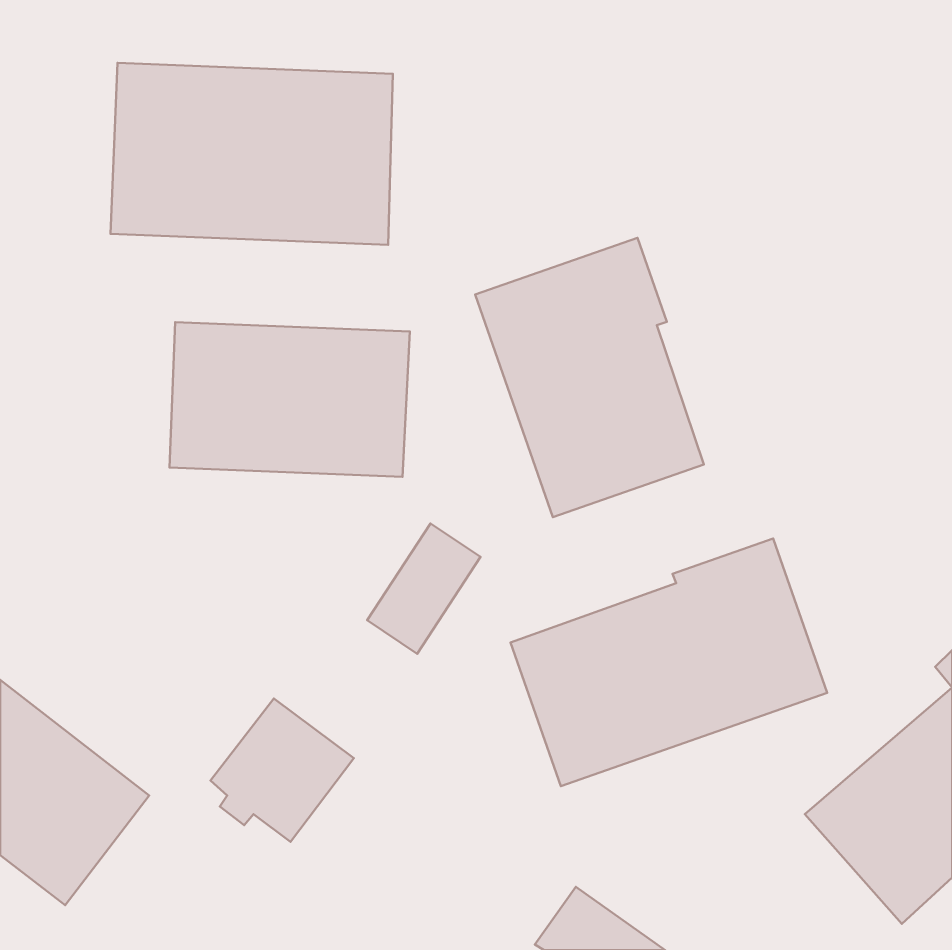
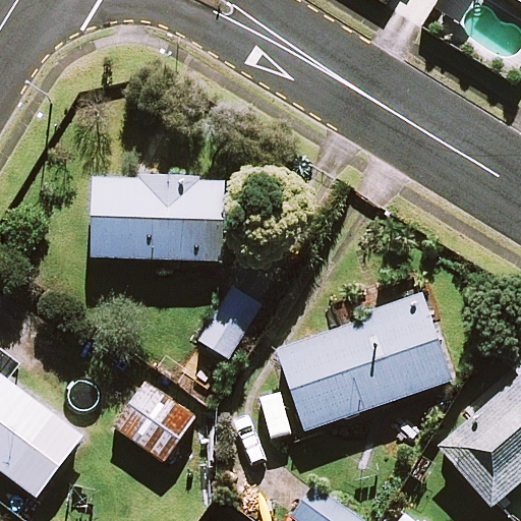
building: [111,63,393,245] -> none
building: [475,238,704,517] -> none

